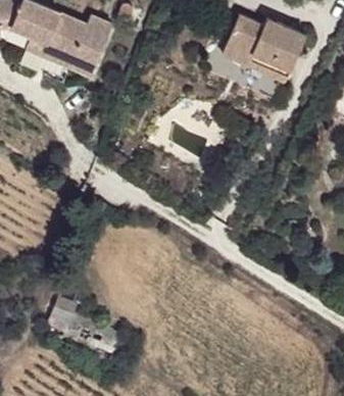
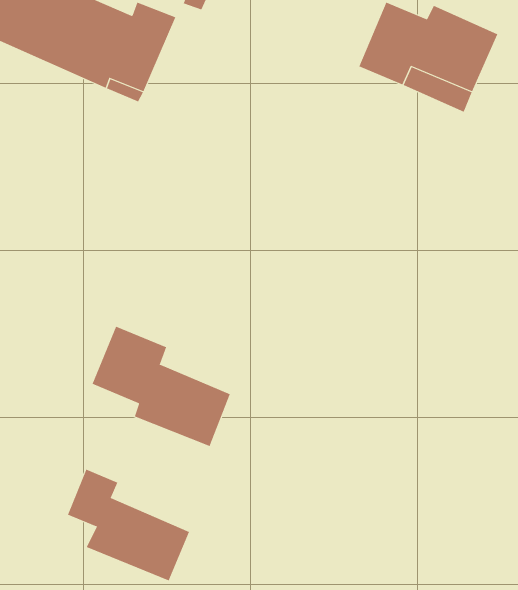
building: none -> [92,326,231,447]

